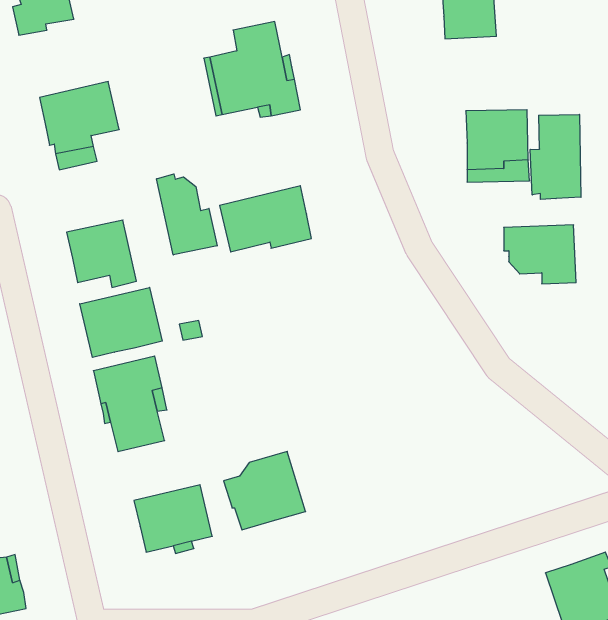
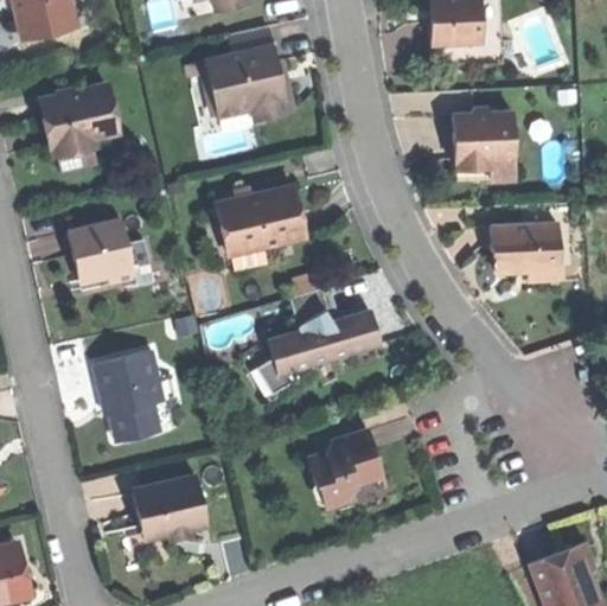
building: [530,114,581,199] -> none
building: [157,174,217,255] -> none
building: [80,287,162,357] -> none
building: none -> [267,286,376,389]
building: [224,451,306,530] -> [307,429,386,505]

